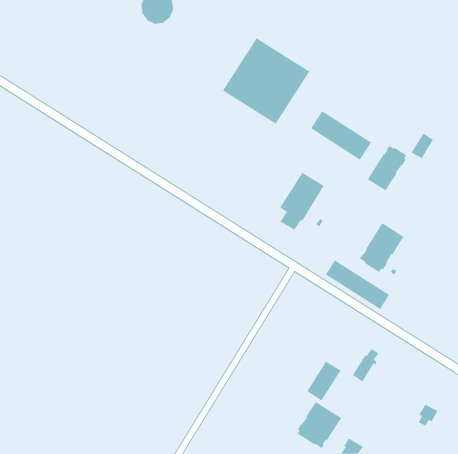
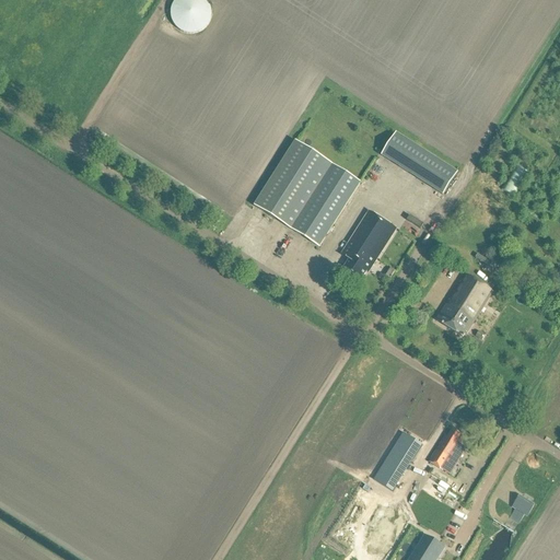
building: [222,38,310,125] -> [254,138,361,244]
building: [367,144,407,191] -> none
building: [325,259,390,310] -> none
building: [297,401,342,450] -> none

